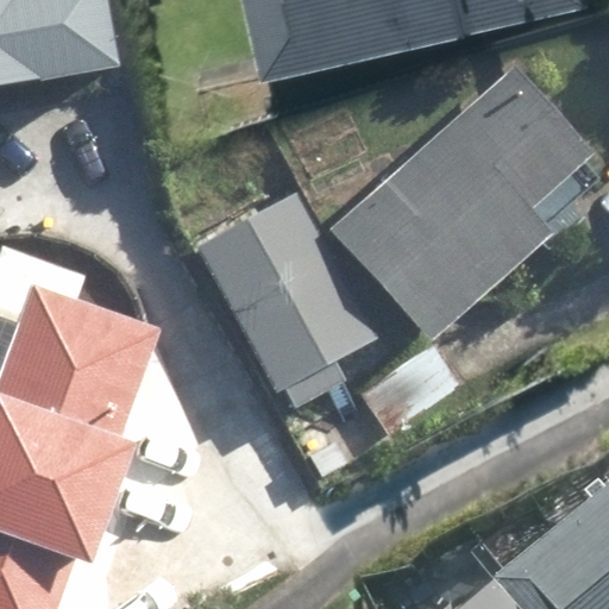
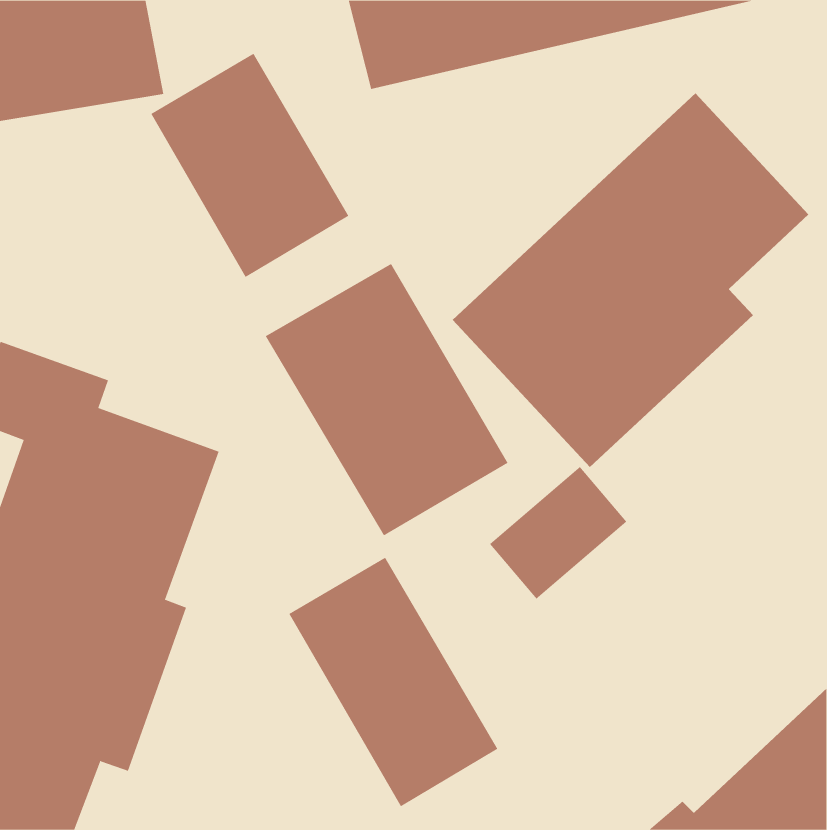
building: none -> [151,53,349,278]
building: none -> [289,557,498,807]

